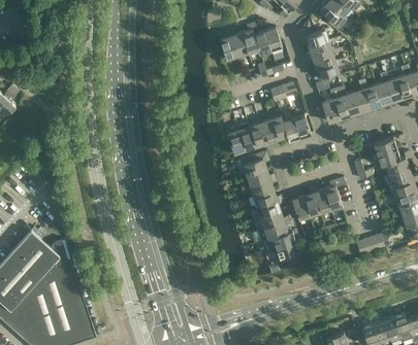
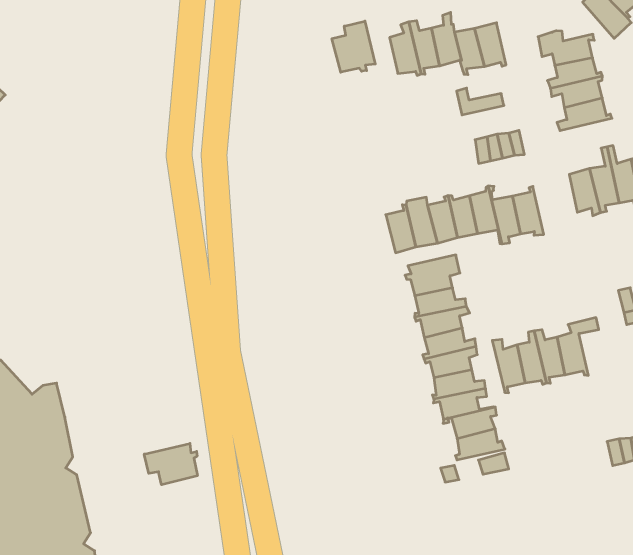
building: none -> [332,21,375,72]
building: none -> [144,443,197,485]

